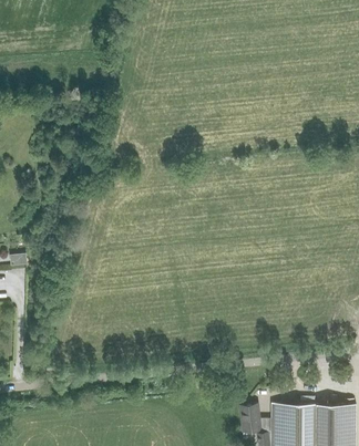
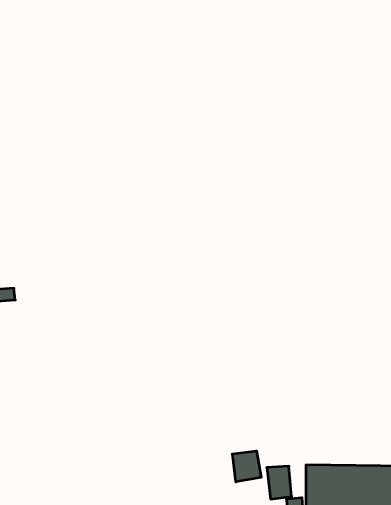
building: none -> [232,451,261,482]

